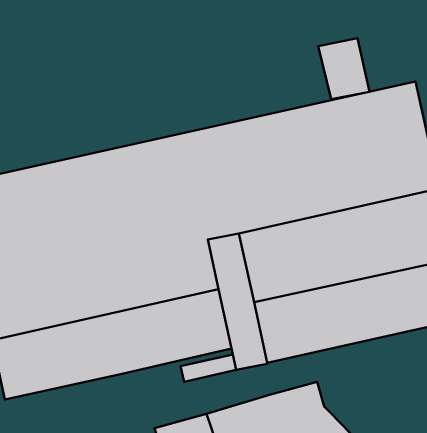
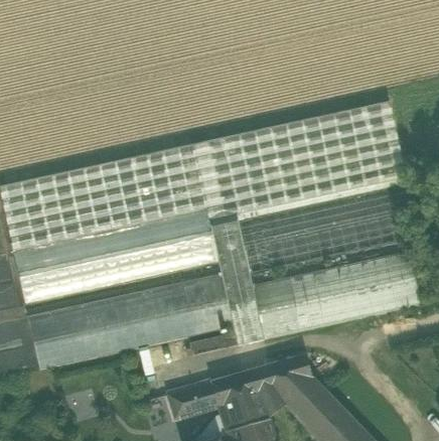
building: [318,38,370,99] -> none

